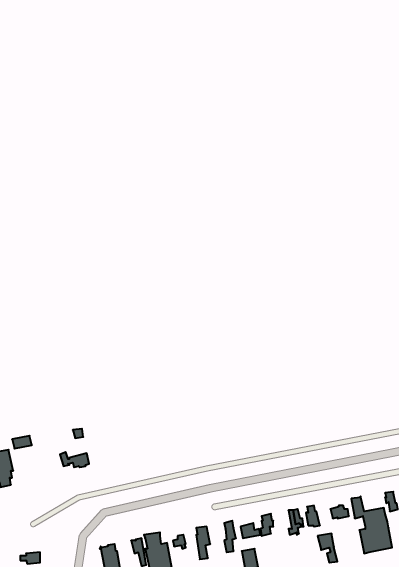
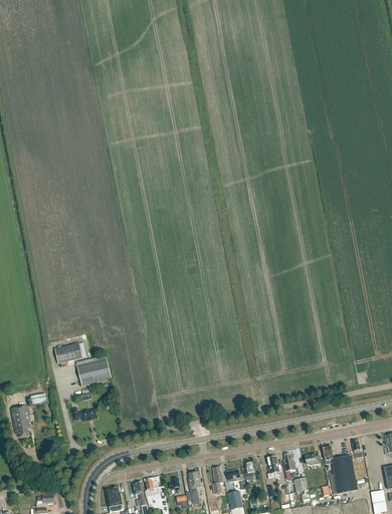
building: none -> [55,342,83,362]
building: none -> [77,357,112,384]

